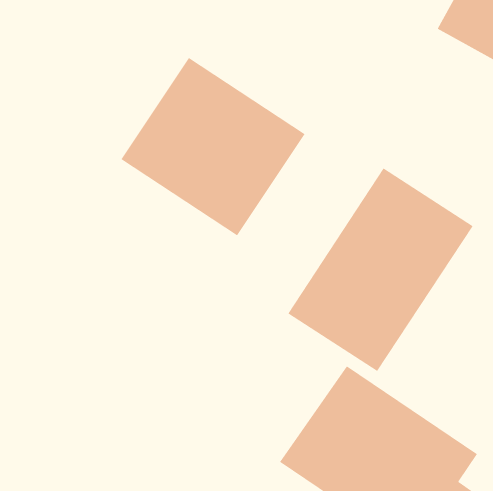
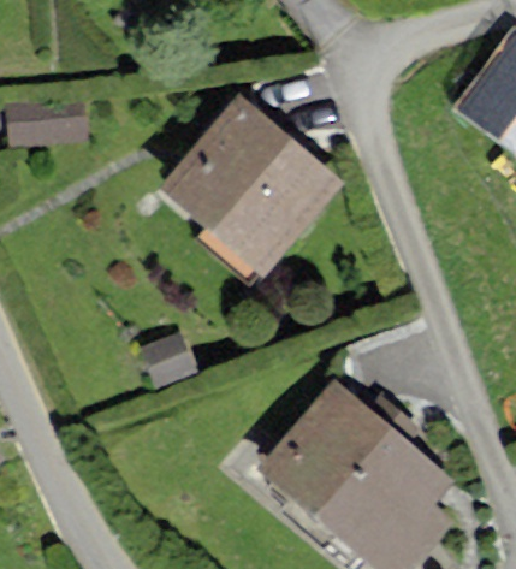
building: [287,168,473,372] -> none

